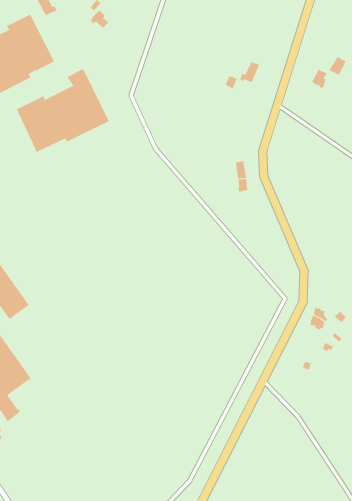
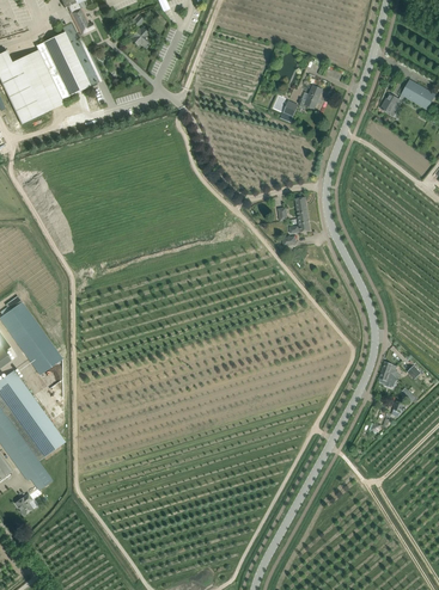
building: [16,68,110,153] -> none

